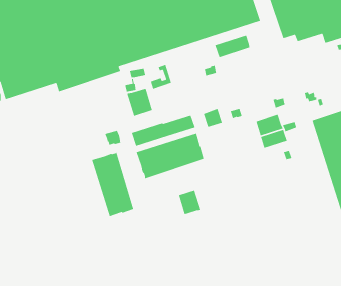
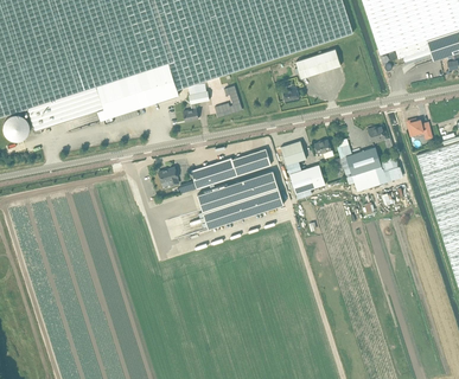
building: [126,88,153,117] -> none
building: none -> [289,163,325,198]
building: [91,151,134,217] -> none
building: [178,189,201,215] -> none

